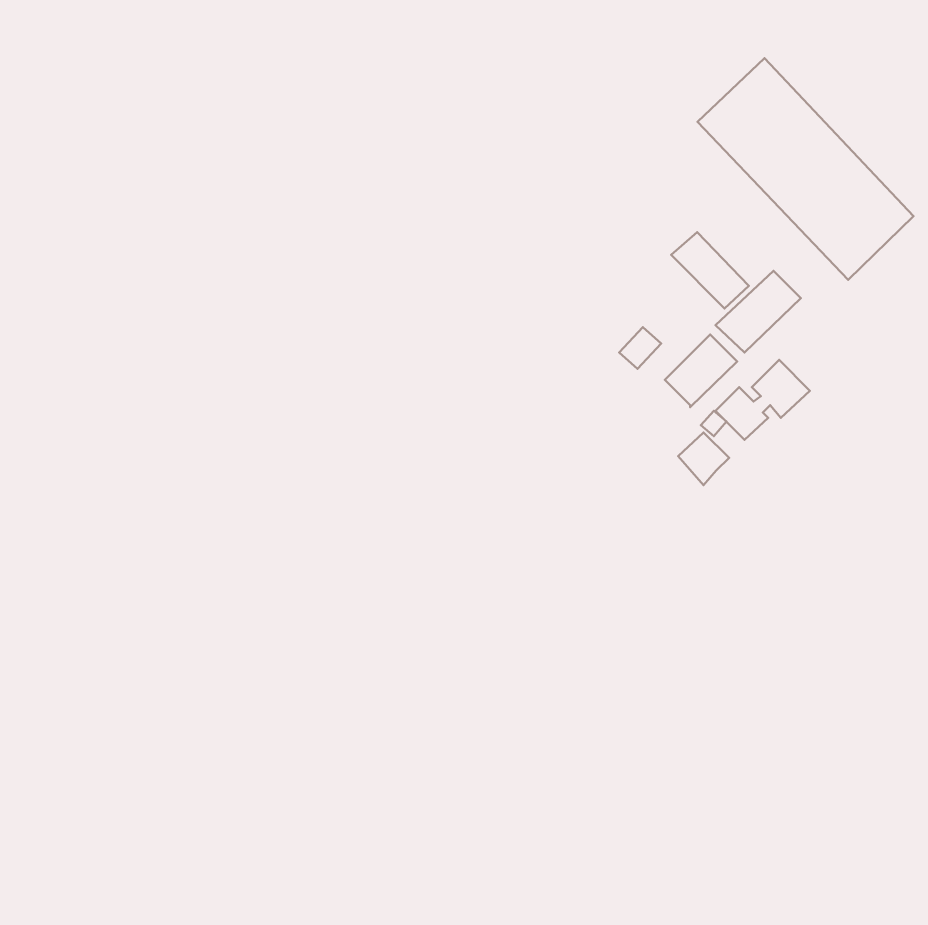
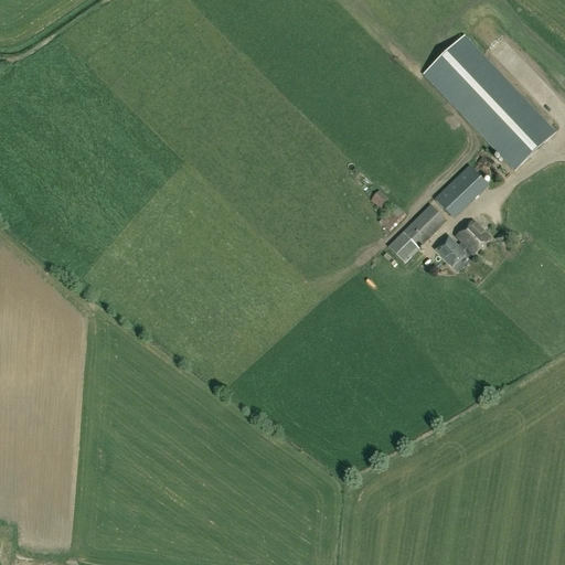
building: [671,232,749,309] -> none
building: [678,432,729,485] -> [388,231,419,263]

